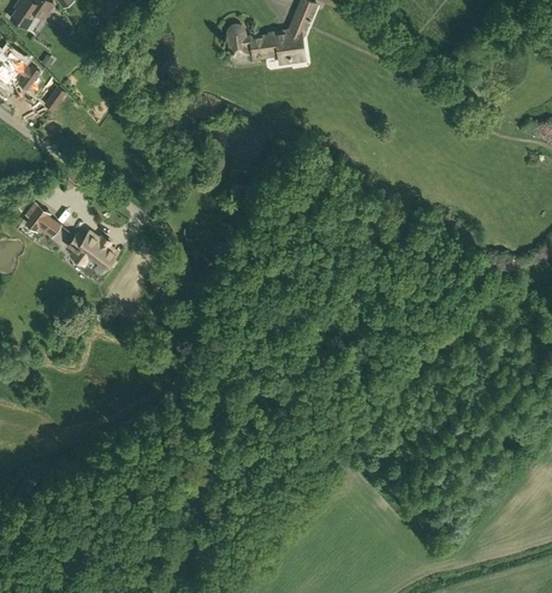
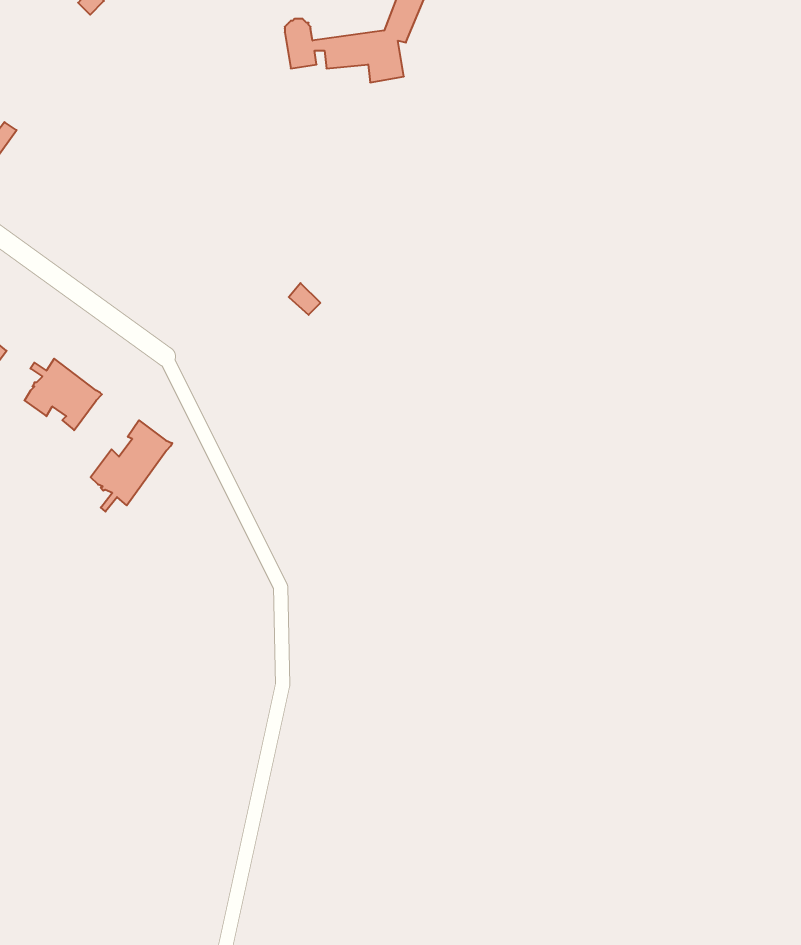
building: none -> [91,420,172,512]

